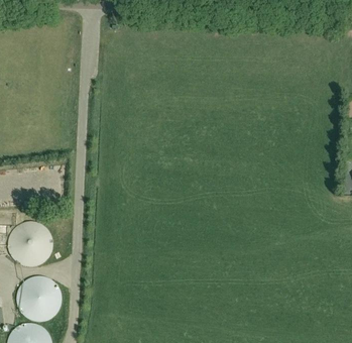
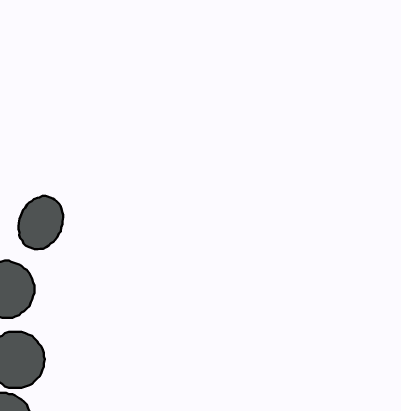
building: none -> [18,196,63,249]

